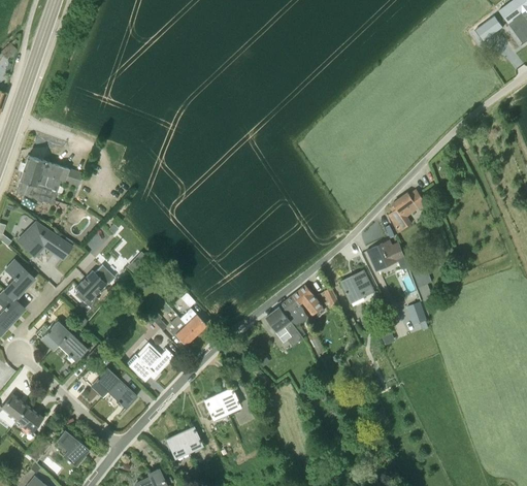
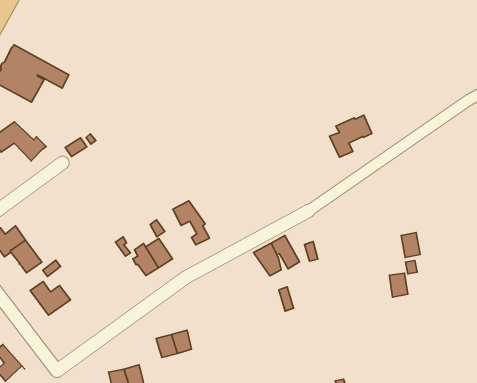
building: [389,190,427,232] -> [330,115,372,157]
building: [367,239,408,267] -> none
building: [75,271,106,303] -> none
building: [340,271,374,303] -> none
building: [266,307,304,347] -> [173,201,210,245]
building: [126,346,173,382] -> none
building: [106,380,137,409] -> none

